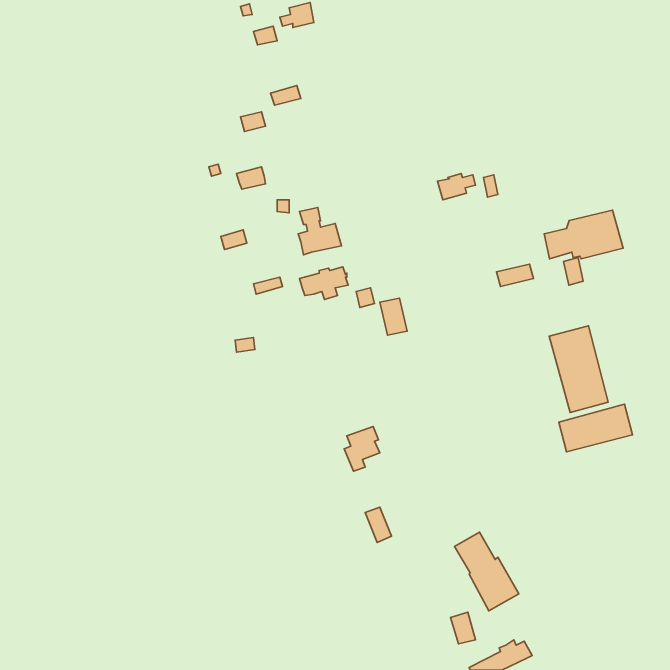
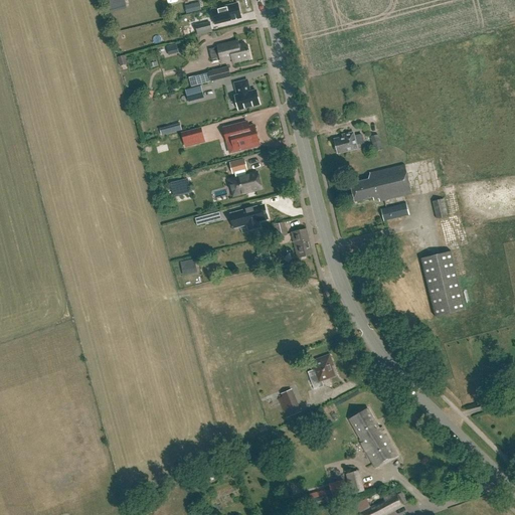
building: none -> [208,40,250,62]
building: none -> [233,79,259,109]
building: none -> [222,121,258,150]
building: [544,210,623,259] -> [352,165,412,202]
building: [559,404,633,452] -> none
building: [344,427,380,471] -> [307,354,334,388]

